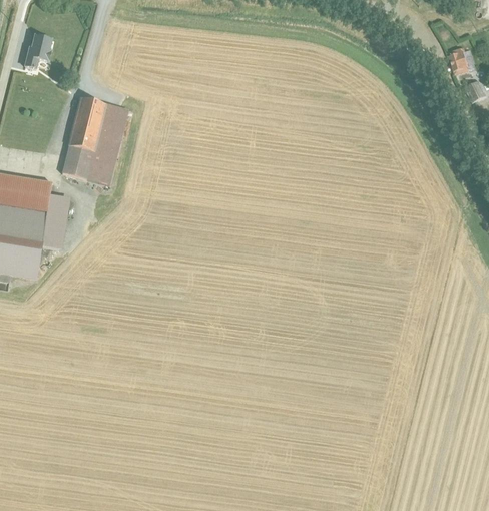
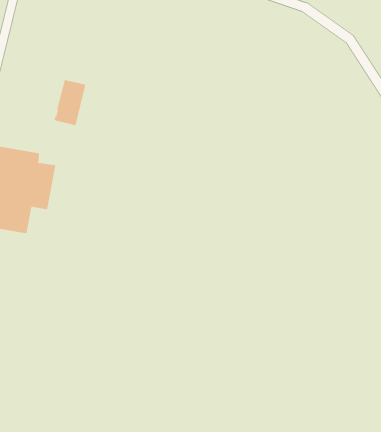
building: [24,34,52,68] -> none
building: [61,102,128,184] -> none

